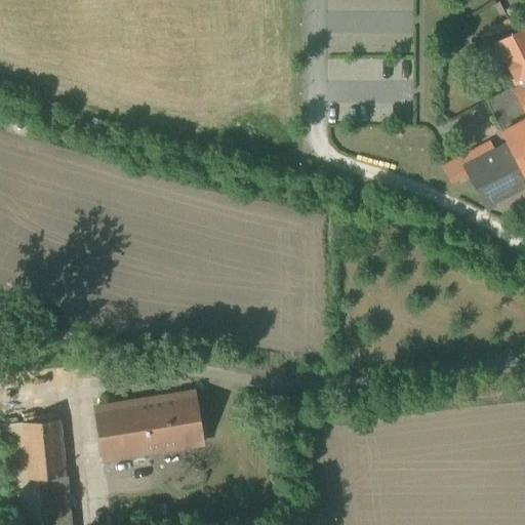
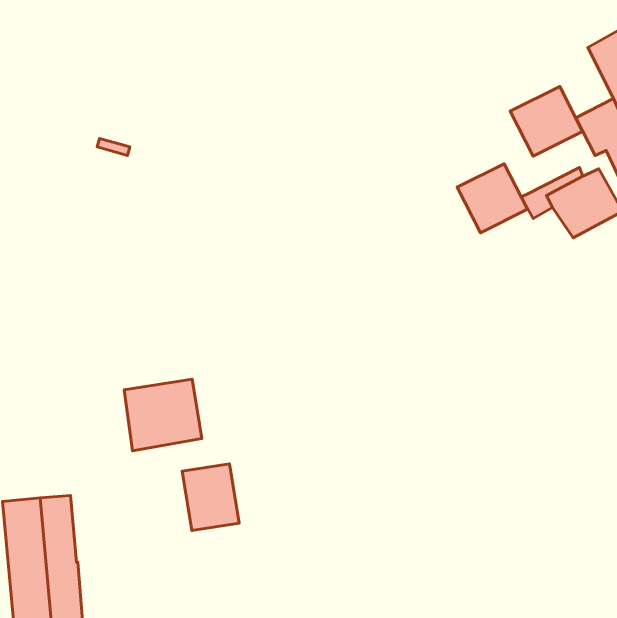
building: none -> [510,87,583,156]
building: none -> [457,164,527,233]
building: [99,400,165,460] -> [124,379,202,451]

